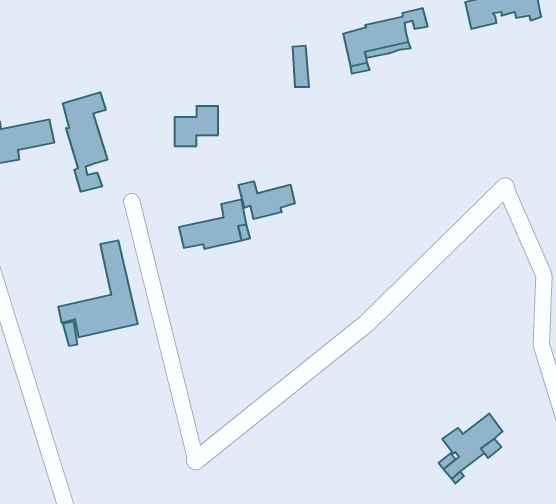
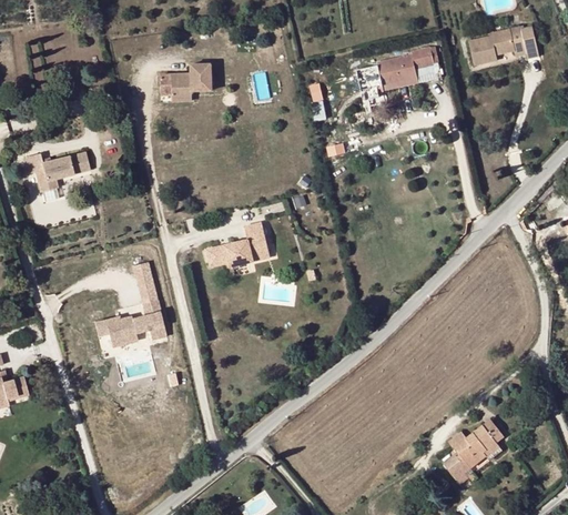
building: [63,92,107,192] -> none
building: [175,106,218,146] -> [170,65,210,102]
building: [238,181,295,219] -> none

